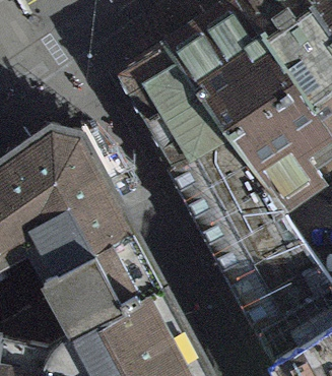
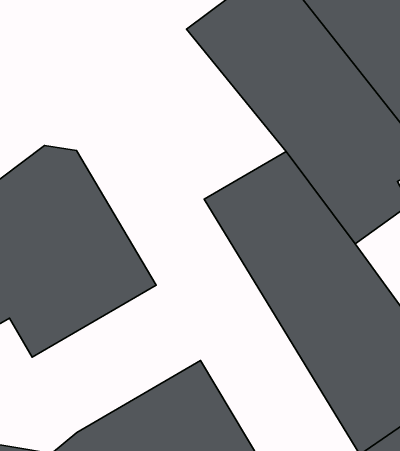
building: [117,43,230,168] -> none
building: [37,229,159,333] -> none

